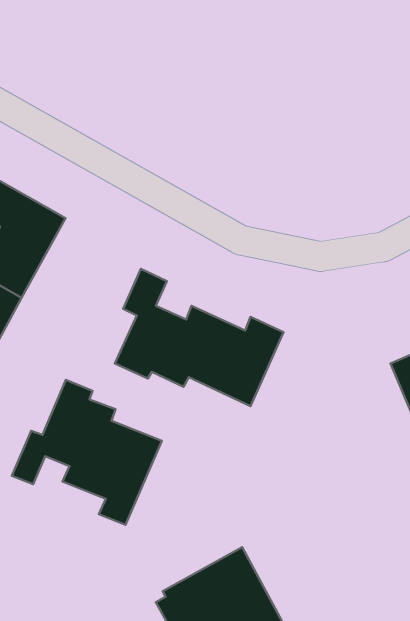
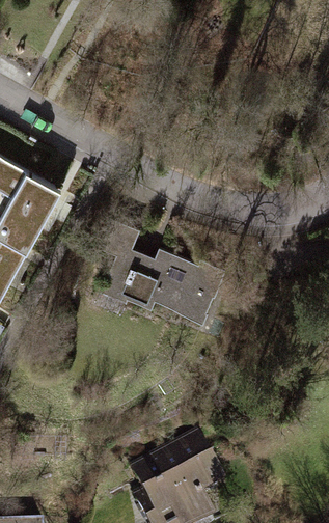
building: [12,380,162,525] -> none

